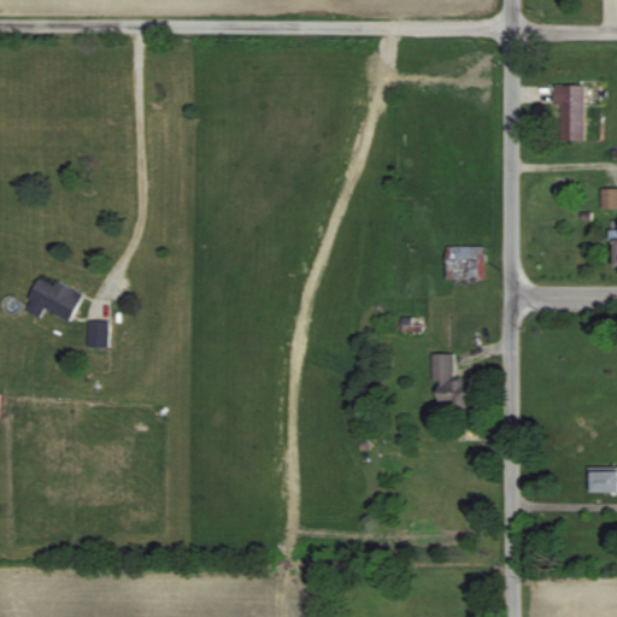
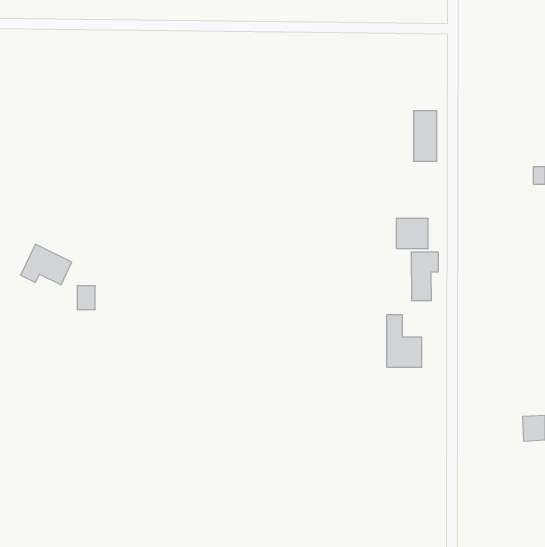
building: [557,84,583,141] -> [413,111,437,161]
building: none -> [411,252,438,301]

